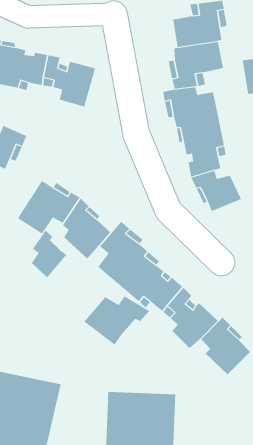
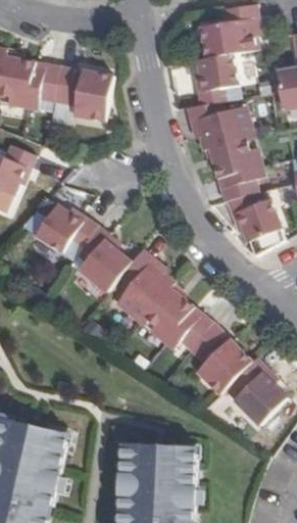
building: [31,230,67,278] -> none
building: [83,295,150,345] -> none

